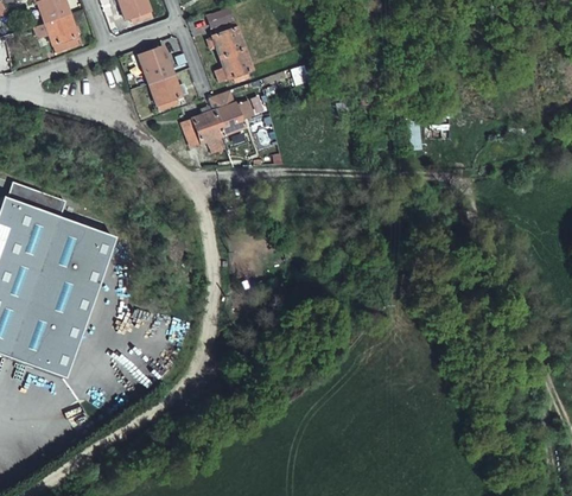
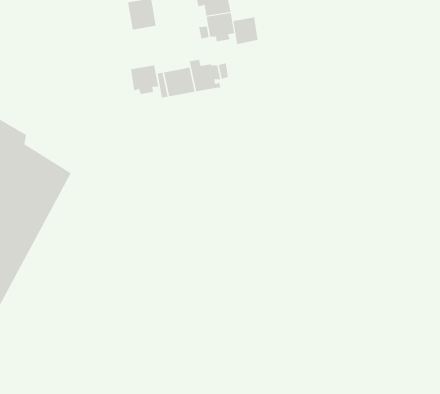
building: none -> [233,17,258,45]
building: [150,75,182,107] -> [130,65,159,95]

